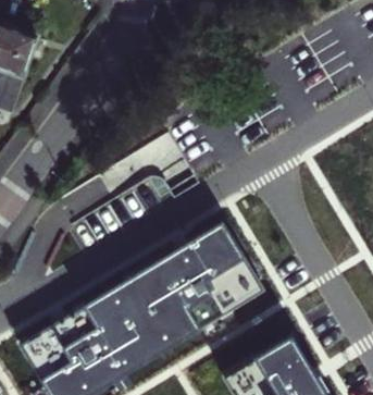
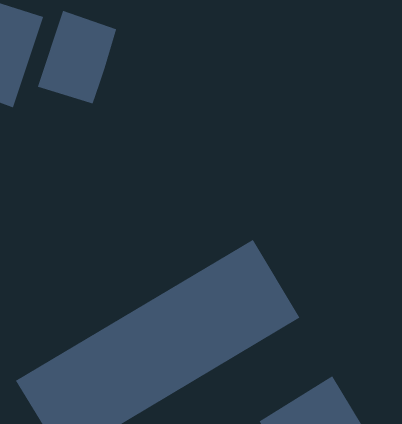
building: none -> [37,10,117,104]

